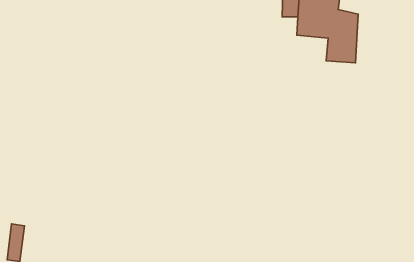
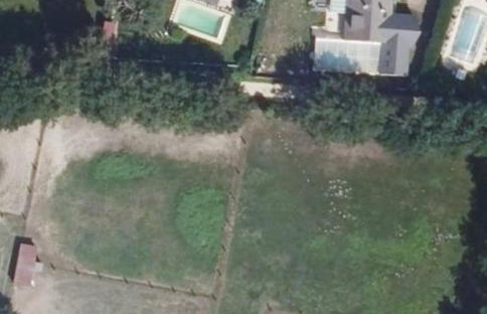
building: none -> [318,38,381,67]

